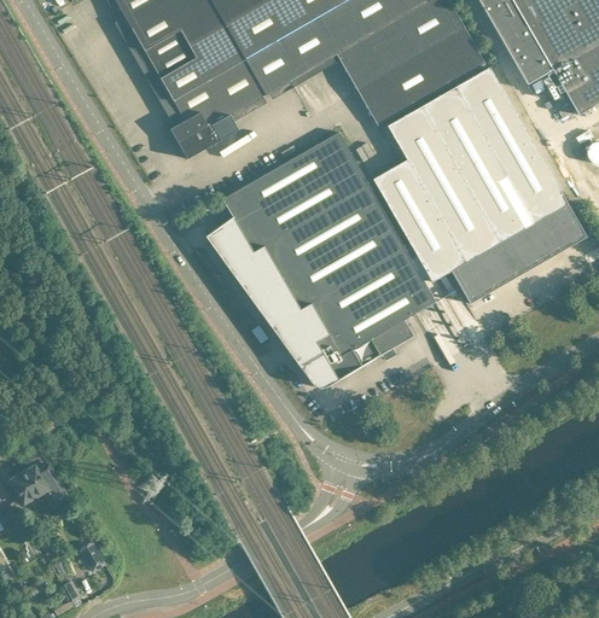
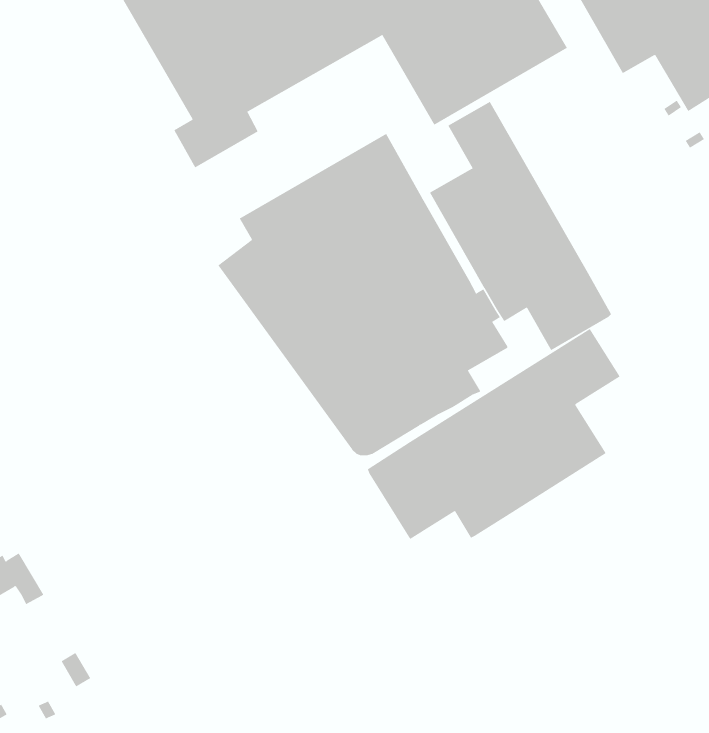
building: [421,68,587,275] -> none
building: none -> [367,328,620,540]

